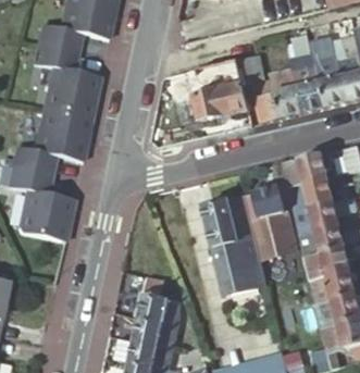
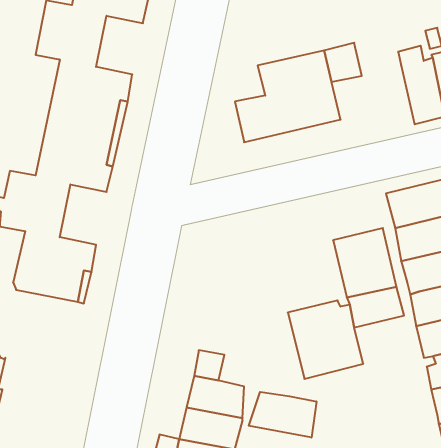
building: [253,70,303,122] -> none
building: [202,196,257,248] -> none
building: none -> [249,392,316,438]

